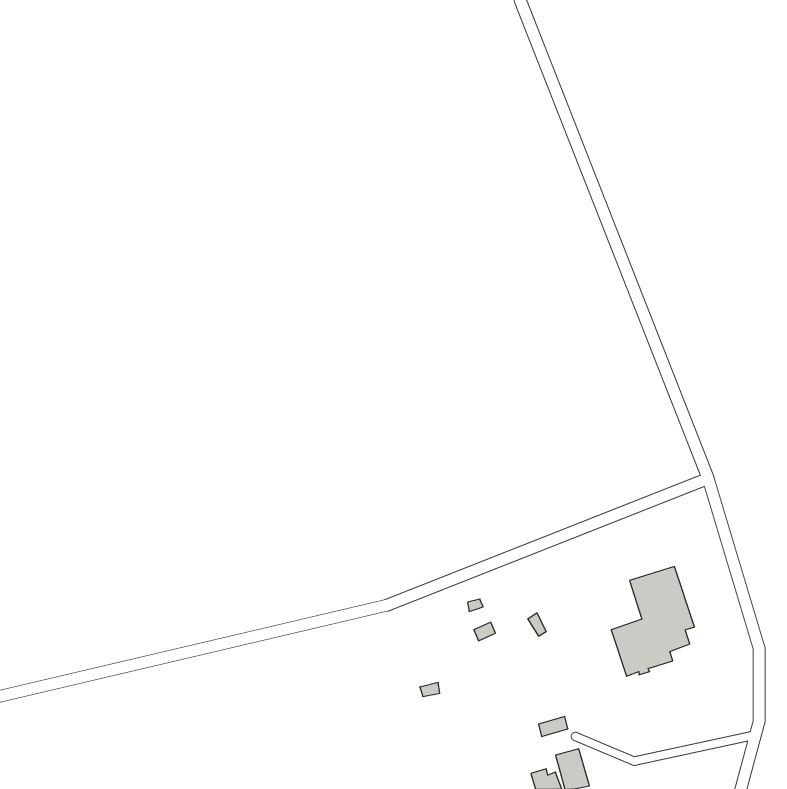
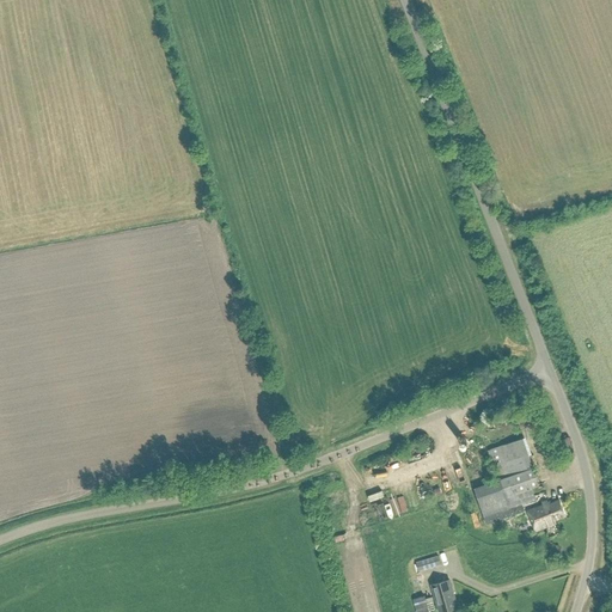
building: none -> [527,501,565,531]

